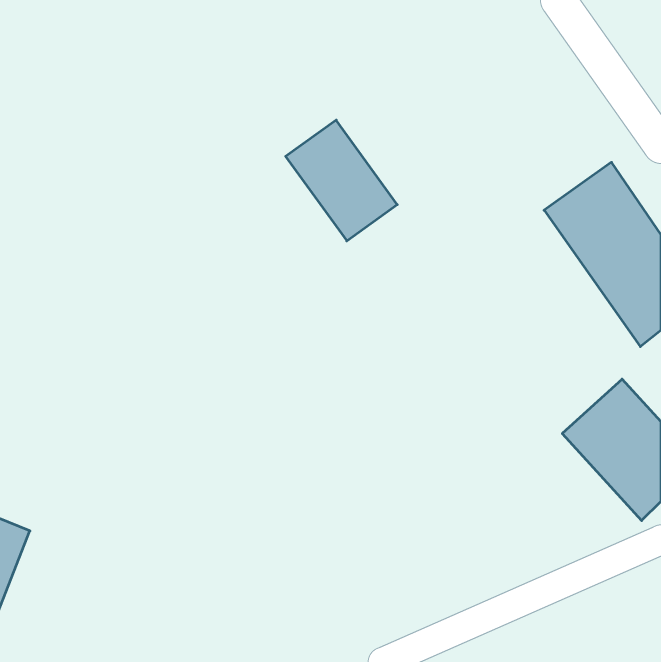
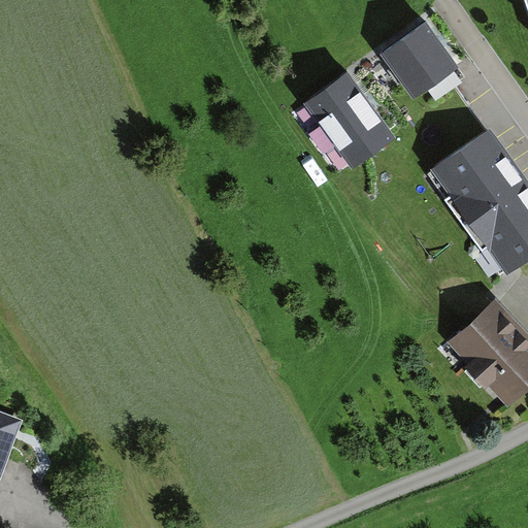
building: none -> [381,22,457,100]
building: [286,120,397,241] -> [302,73,391,169]

